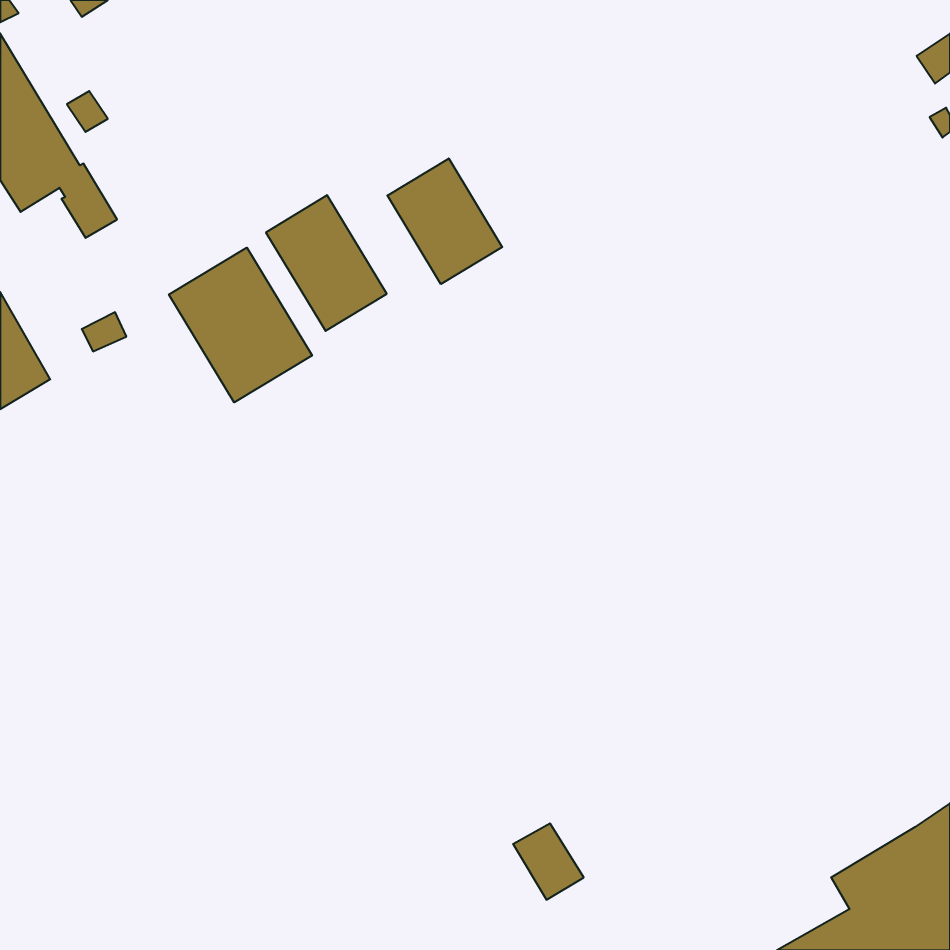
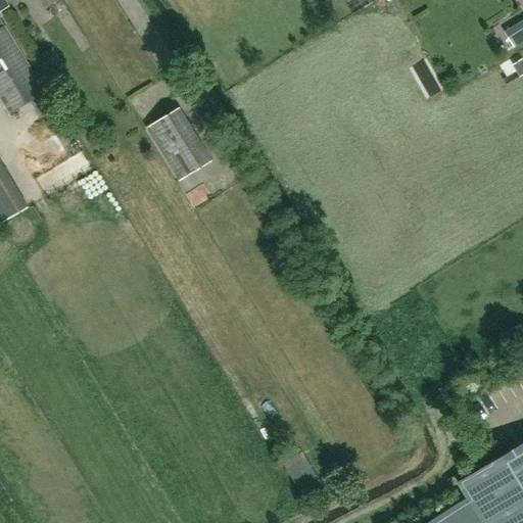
building: [387,158,502,284] -> none
building: [169,248,312,402] -> none

